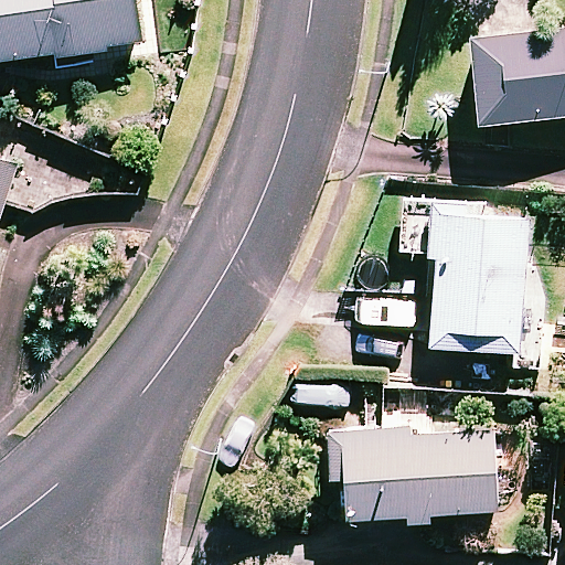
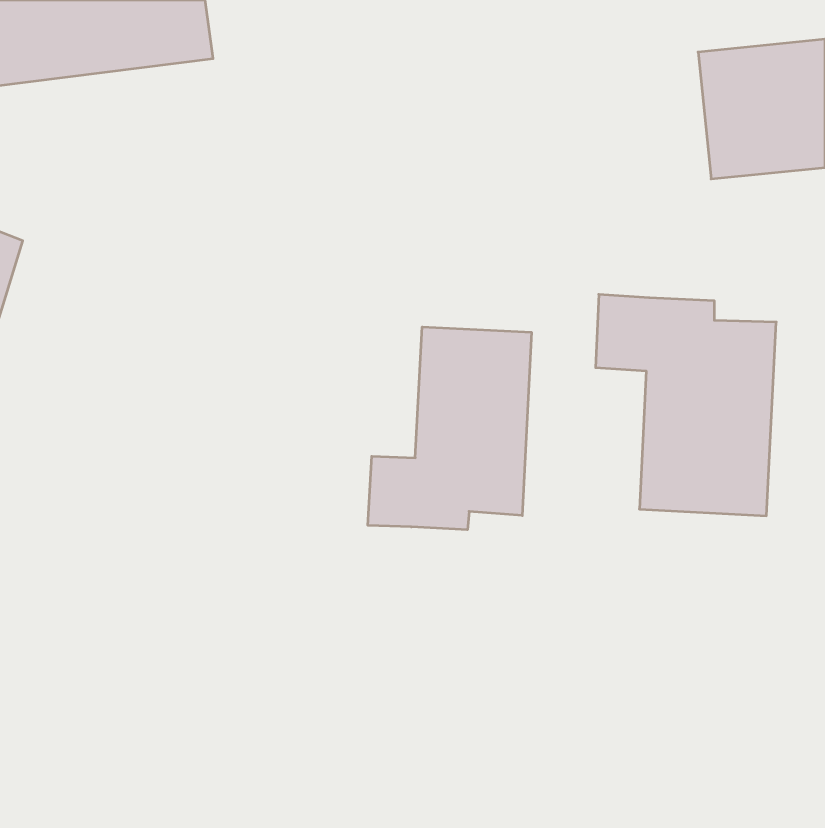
building: none -> [368,327,531,530]
building: [329,428,497,525] -> none

